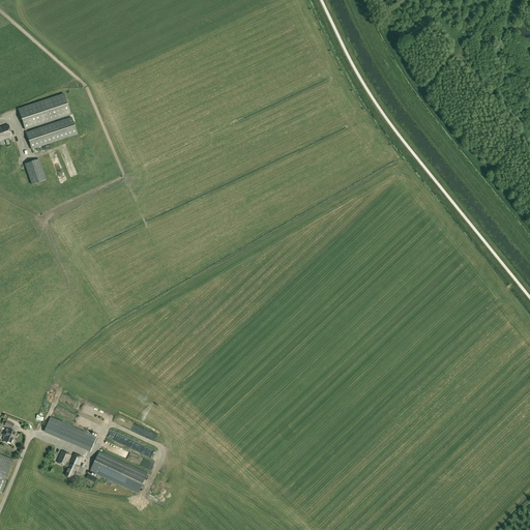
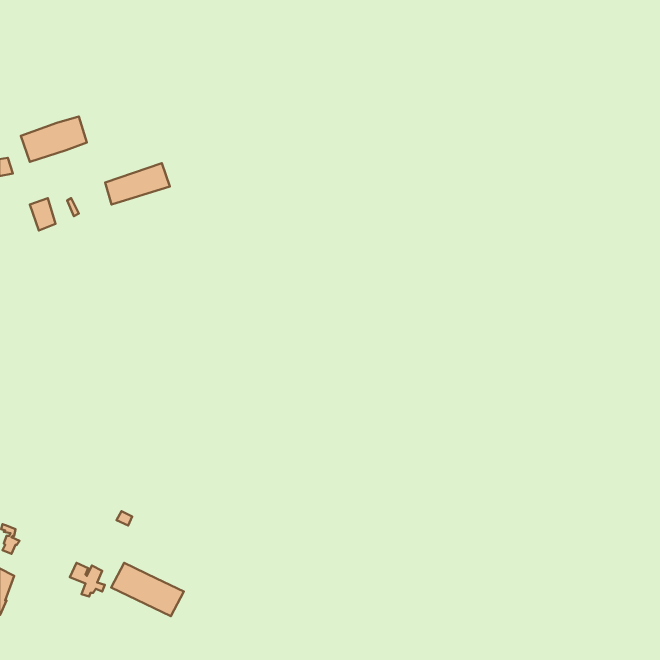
building: [25,116,77,149] -> [105,163,170,205]
building: [43,417,96,450] -> none

